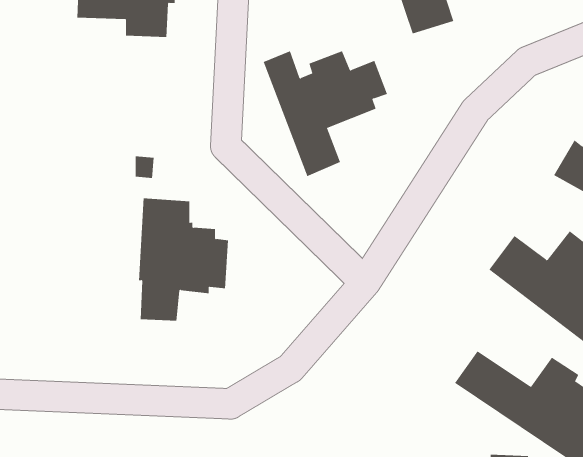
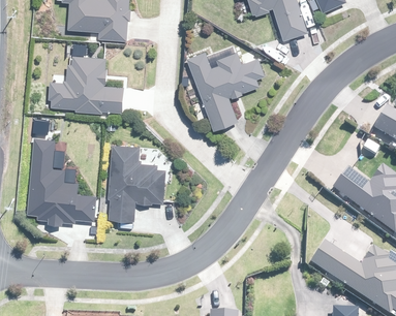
building: none -> [49,56,125,114]
building: none -> [30,141,96,224]

